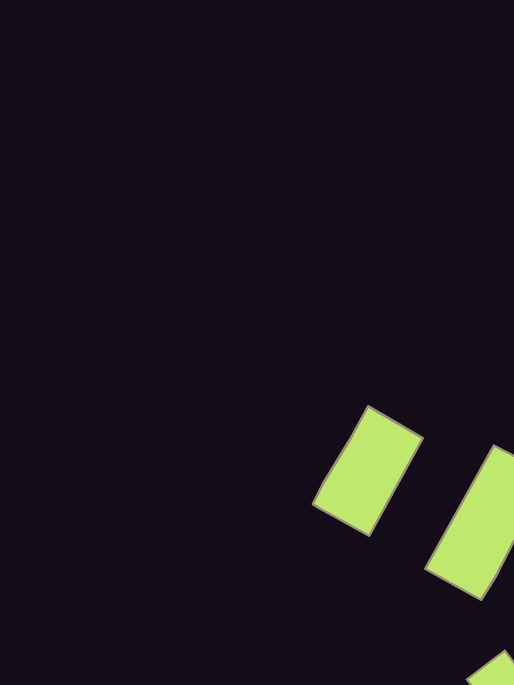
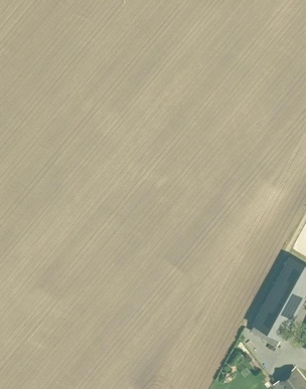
building: [313,406,423,536] -> none

